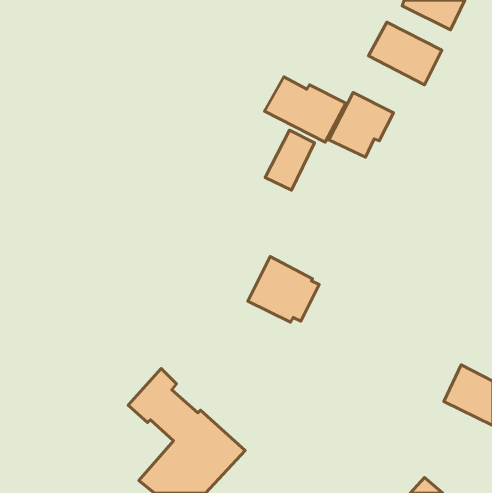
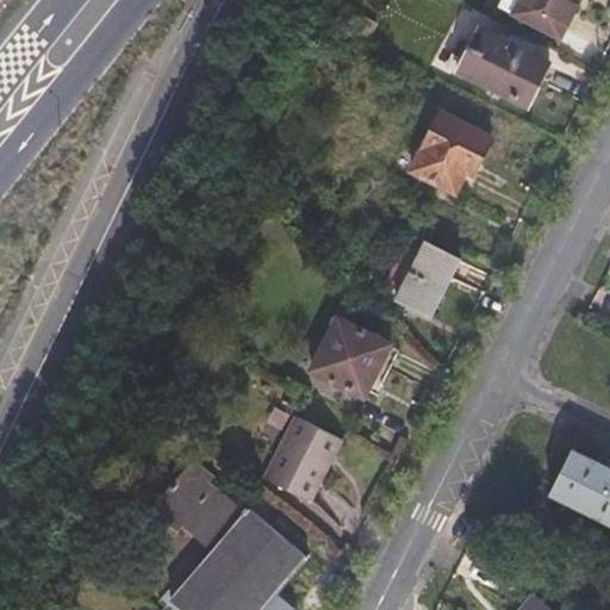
building: [264,77,346,142] -> none
building: [265,130,315,190] -> [396,244,456,318]
building: none -> [263,413,341,500]

